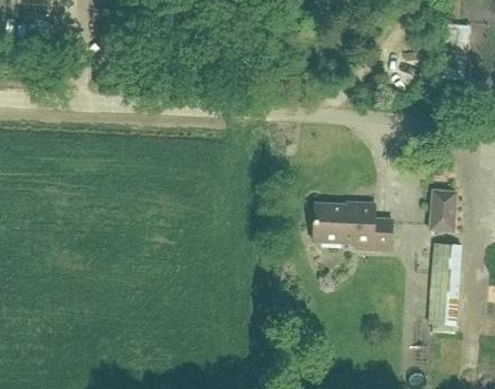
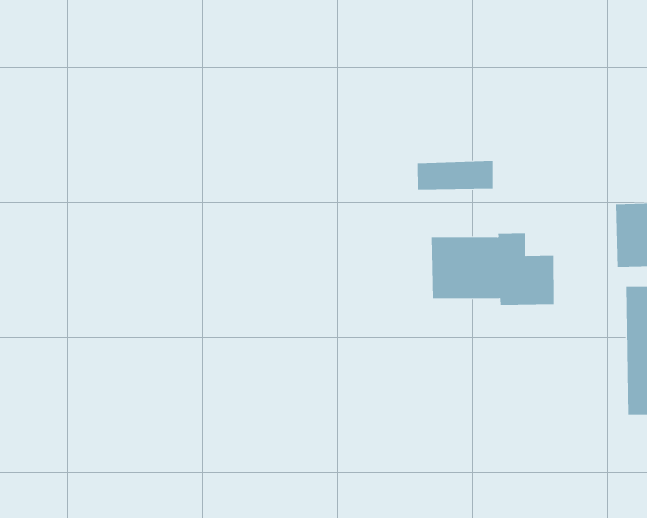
building: none -> [417,160,493,191]

